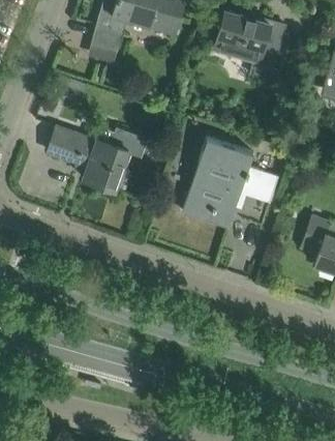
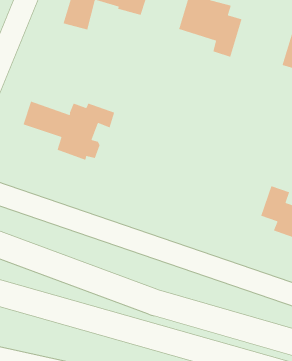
building: [182,138,278,227] -> none

